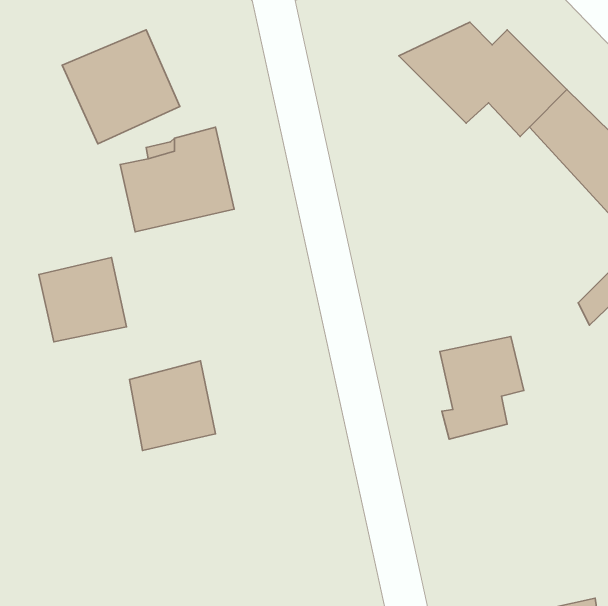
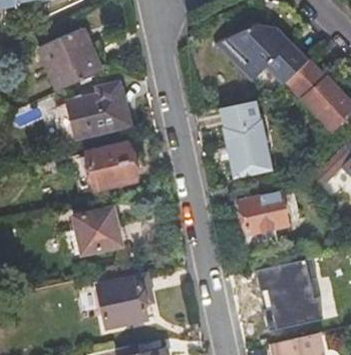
building: none -> [220,101,273,176]
building: [39,258,127,342] -> [88,142,135,188]
building: none -> [267,274,309,332]
building: none -> [97,277,151,327]

